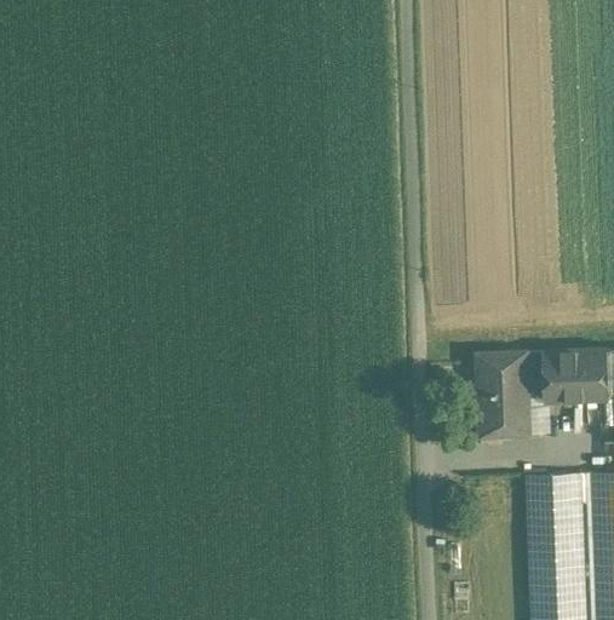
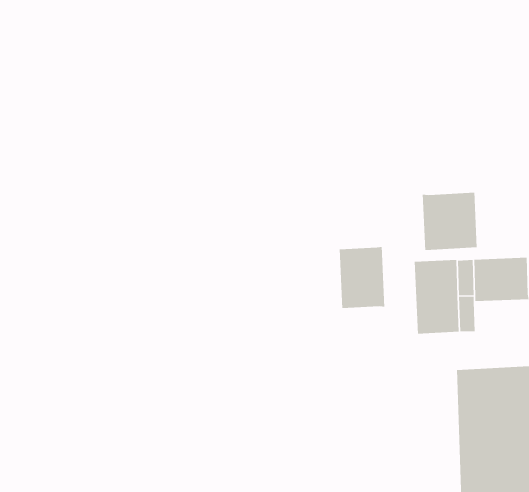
building: none -> [422,192,477,251]
building: none -> [339,246,385,309]

